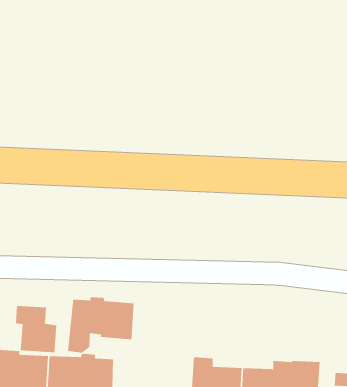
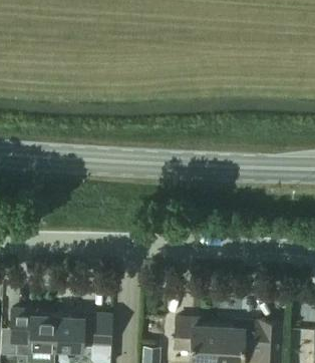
building: [68,296,134,353] -> none
building: [15,305,57,353] -> none

